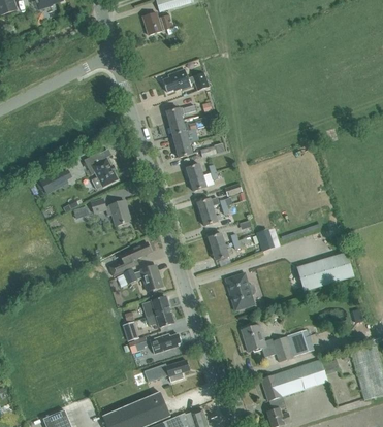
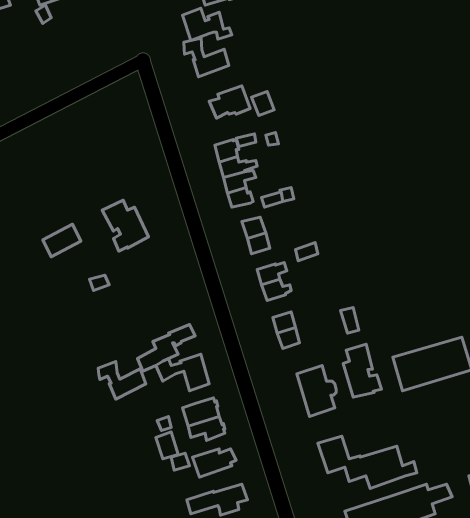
building: none -> [184,38,229,77]
building: [90,198,130,226] -> none
building: none -> [343,344,381,397]
building: none -> [98,362,146,399]

